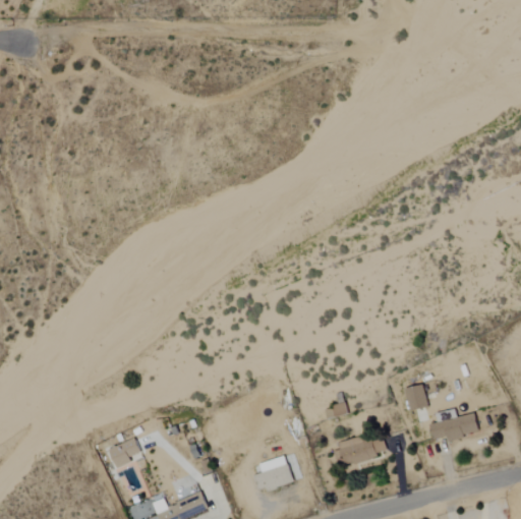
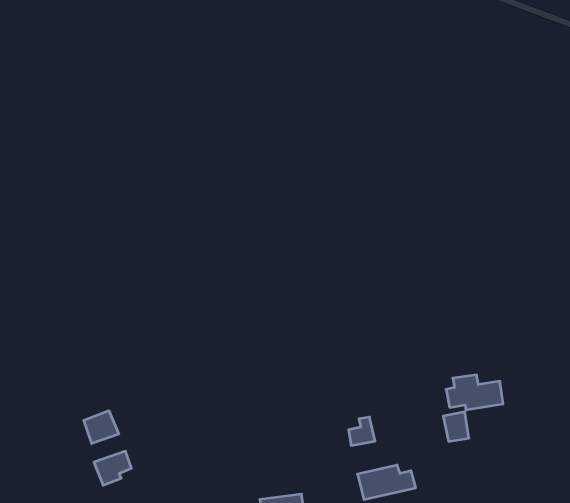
building: none -> [84,411,119,444]
building: [429,410,479,441] -> [446,375,503,410]

